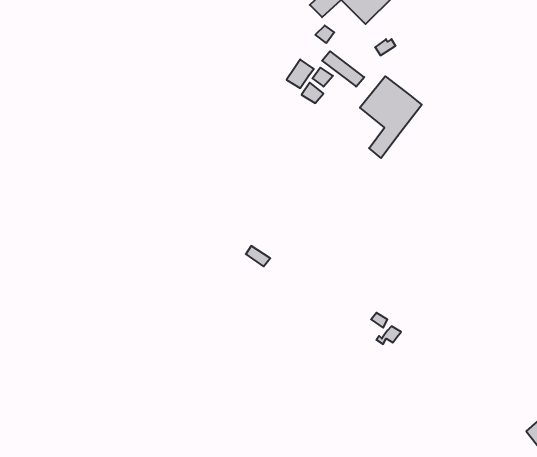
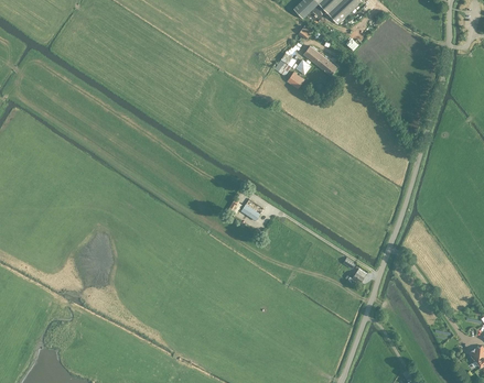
building: [360,76,422,158] -> none

